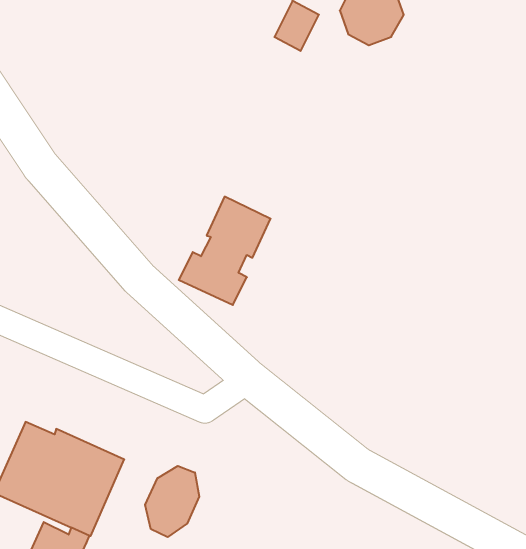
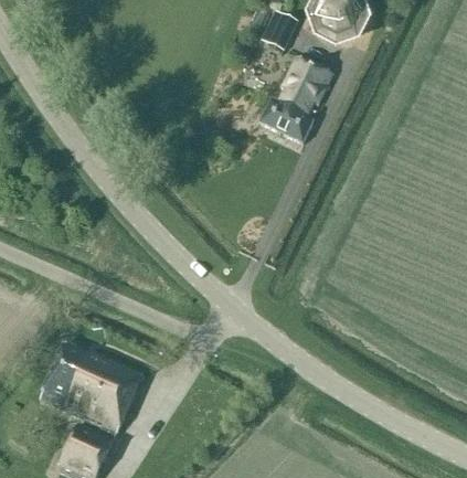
building: [179,197,271,305] -> [258,56,331,142]
building: [145,466,199,537] -> none

